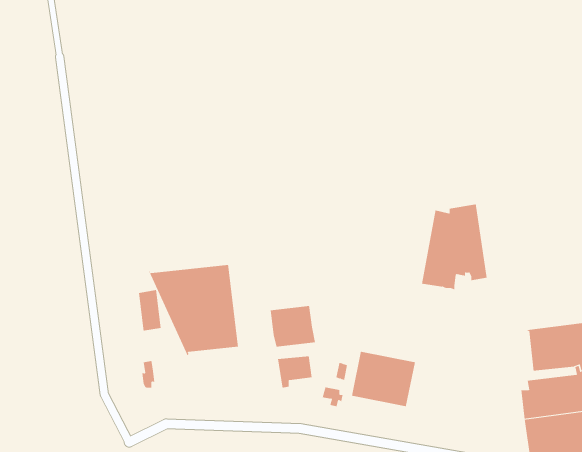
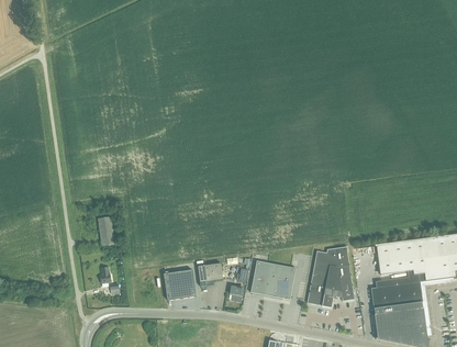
building: [421,204,487,290] -> [308,245,355,306]
building: [148,264,238,357] -> none
building: [270,306,316,347] -> [164,269,197,299]

